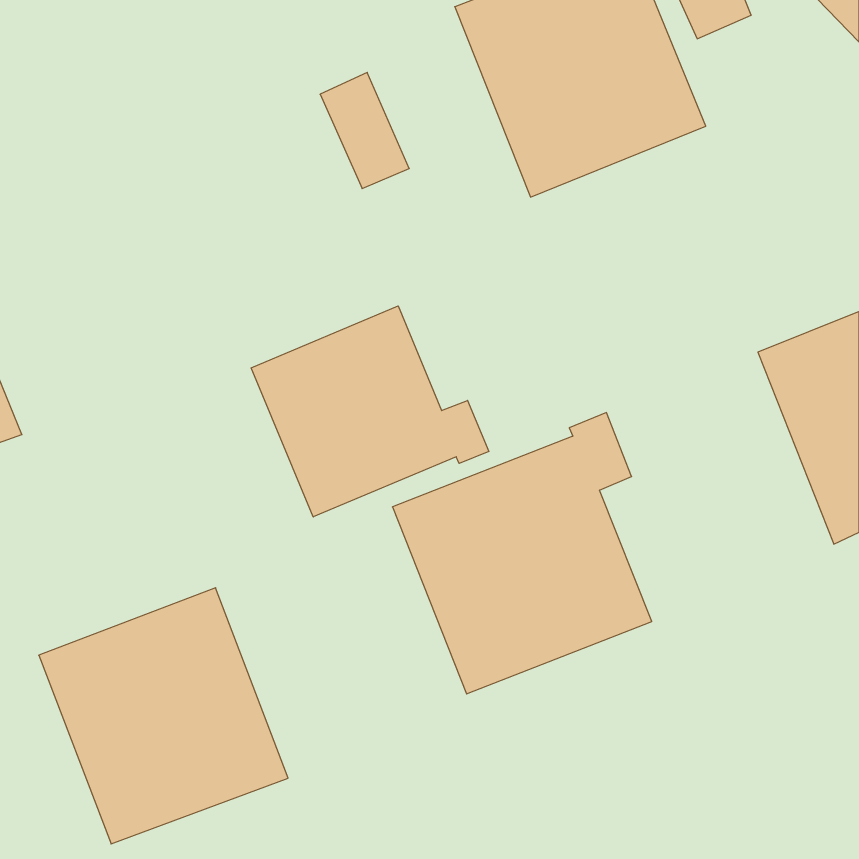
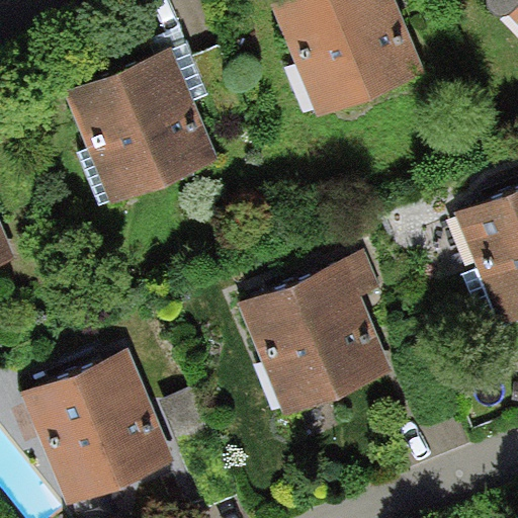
building: none -> [64,48,220,205]
building: [251,306,489,517] -> none

